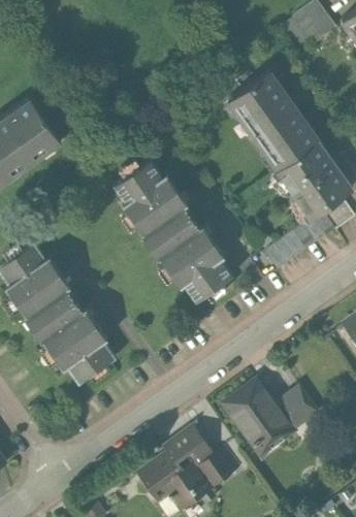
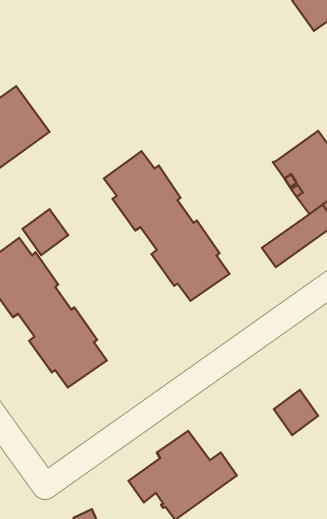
building: [228,71,317,169] -> none
building: none -> [22,209,68,255]
building: [223,381,293,446] -> none

